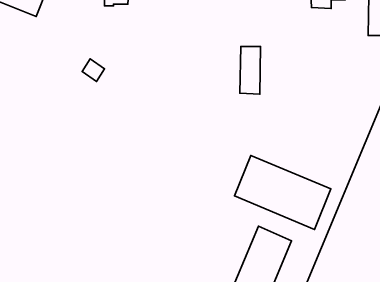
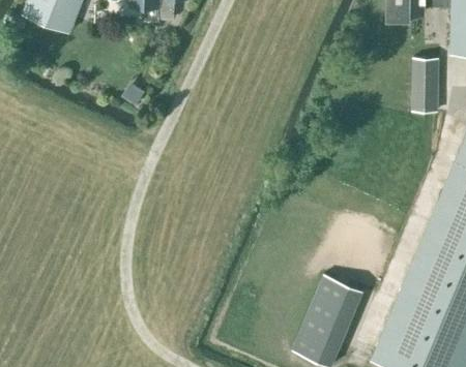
building: [240,46,261,94] -> [412,59,436,114]
building: [234,155,331,229] -> none

